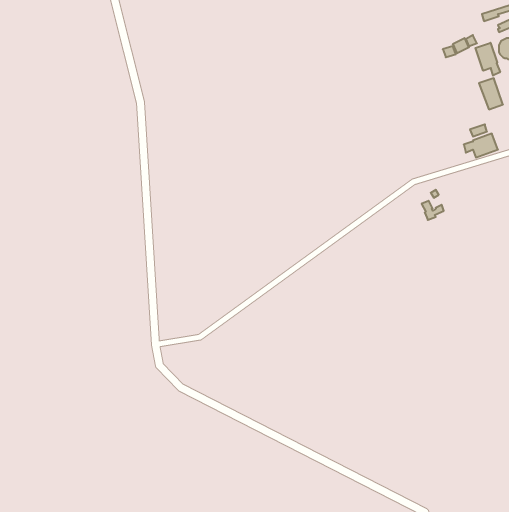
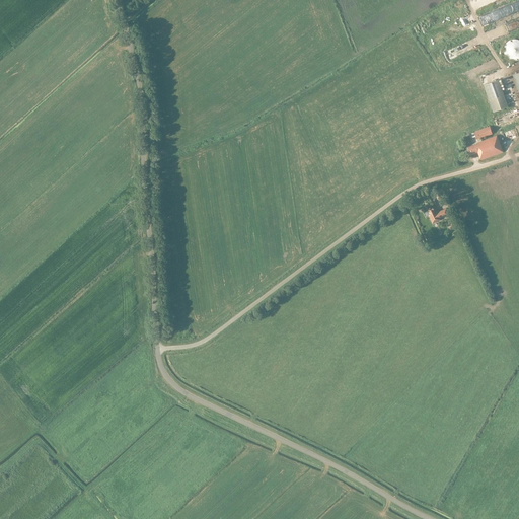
building: [475,43,500,76] -> none

